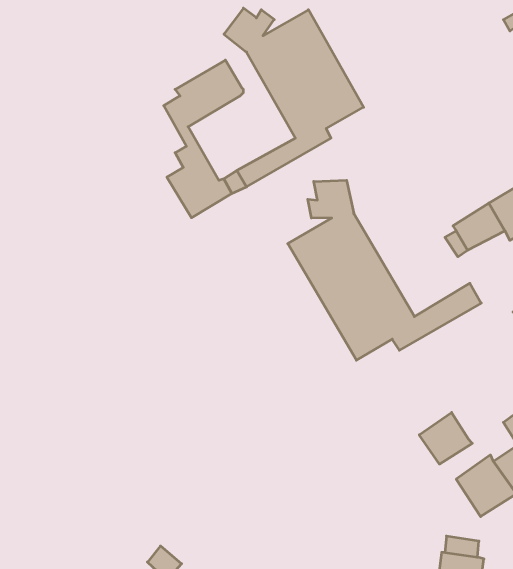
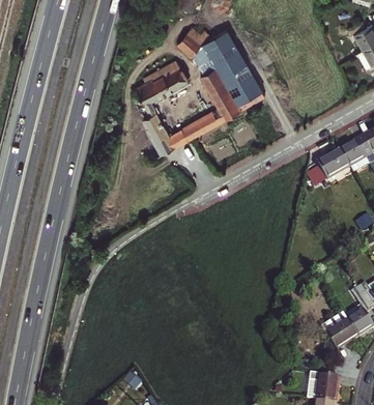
building: [288,180,481,360] -> none
building: [419,412,472,464] -> none

